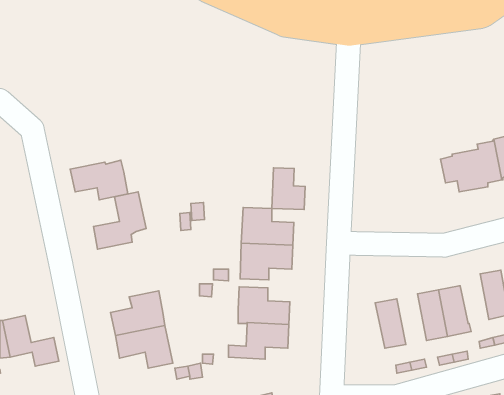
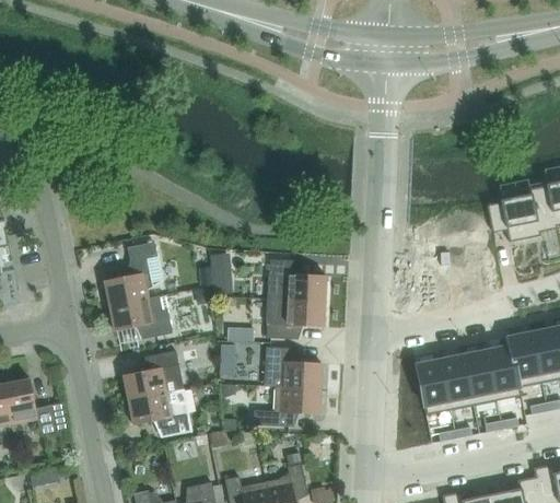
building: [70,160,128,200] -> [109,295,173,339]
building: [272,168,305,209] -> none
building: none -> [508,332,541,387]
building: none -> [440,354,472,410]

